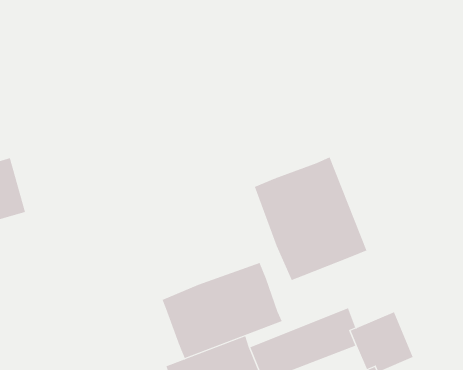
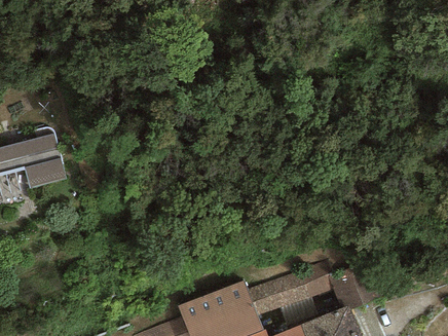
building: [254,157,367,281] -> none
building: [162,262,283,359] -> none

